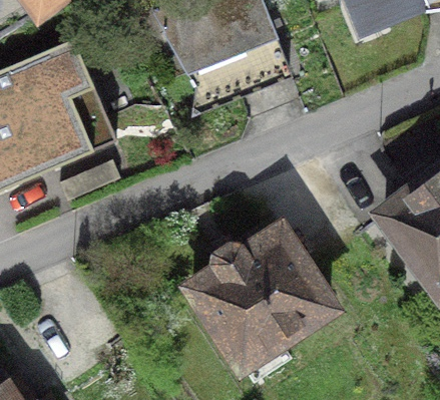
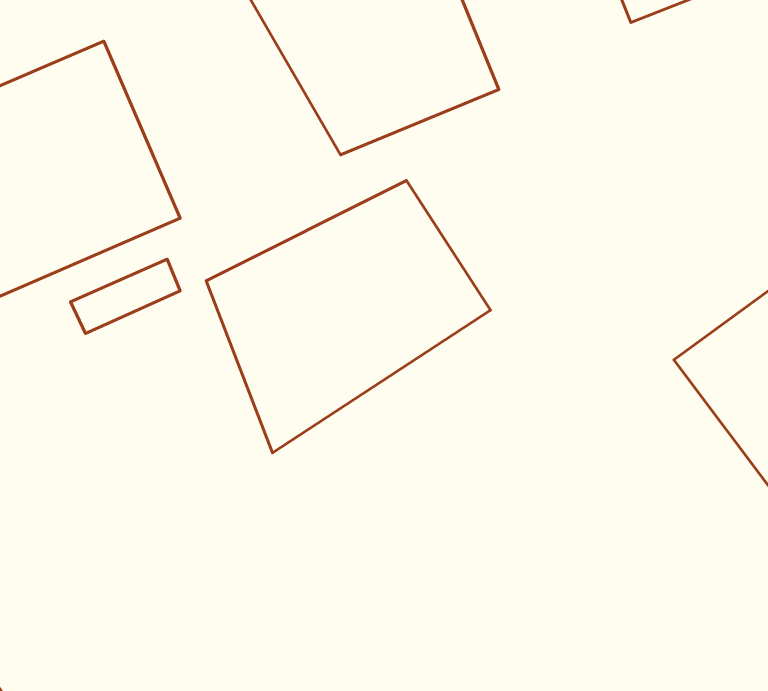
building: none -> [206,180,491,453]
building: [190,229,329,380] -> none

